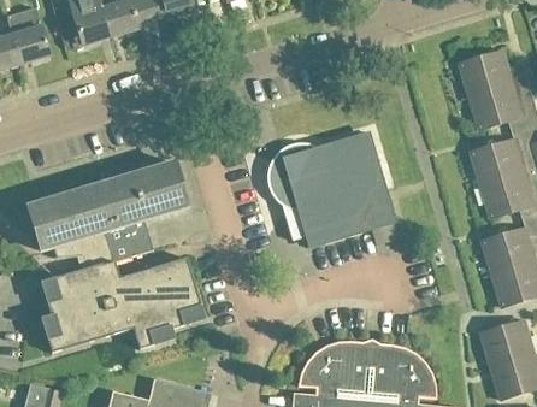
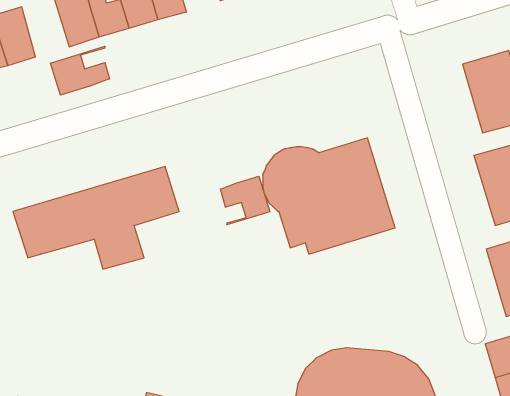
building: none -> [50,46,110,95]
building: none -> [220,176,270,225]
building: [40,231,203,353] -> none

